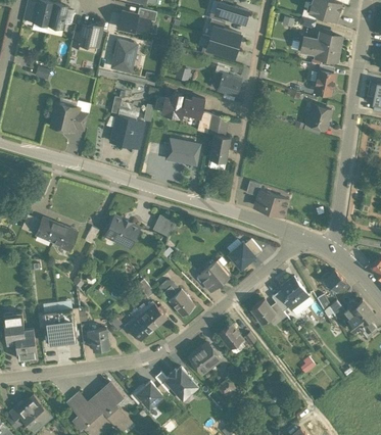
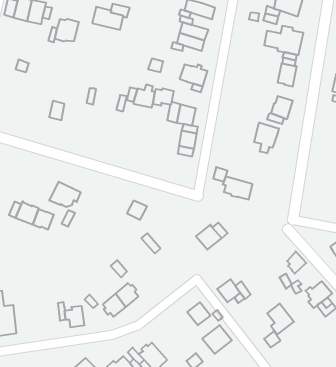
building: [112,41,138,71] -> none
building: [51,103,76,131] -> none
building: [111,116,143,145] -> none
building: none -> [254,122,279,153]
building: [166,140,200,165] -> none
building: [105,216,139,243] -> [49,182,81,207]
building: [200,262,231,292] -> none
building: [280,277,308,309] -> [267,304,294,334]
building: [162,286,194,316] -> none
building: [44,309,77,345] -> none
building: [189,343,221,374] -> [202,325,232,354]

